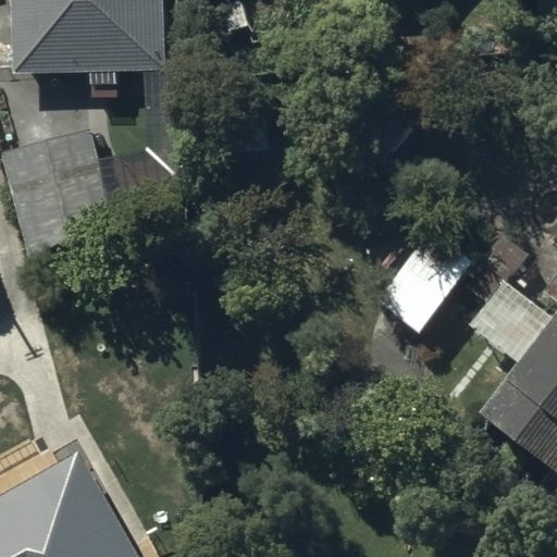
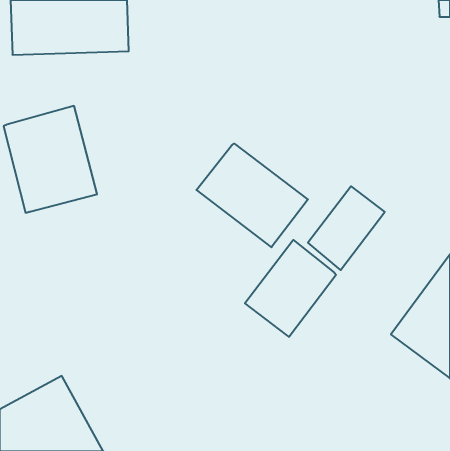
building: none -> [196,144,308,247]
building: none -> [245,240,336,337]

